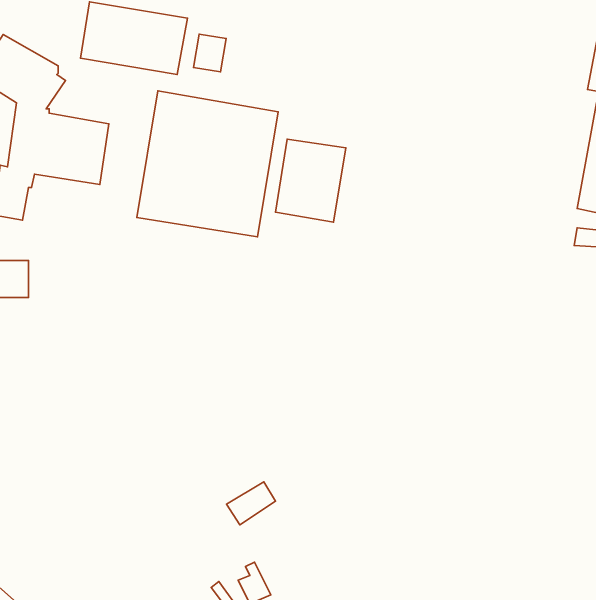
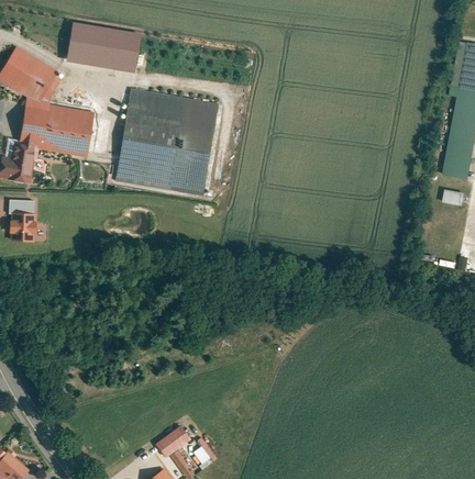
building: [194,34,226,72] -> none
building: [275,139,346,222] -> none
building: [227,482,276,525] -> [151,425,187,457]

